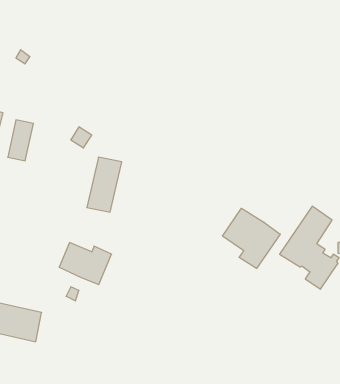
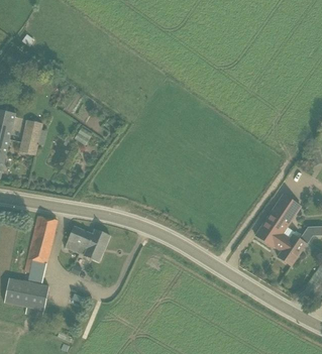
building: [87,157,122,212] -> [27,215,58,262]
building: [223,208,280,268] -> none

